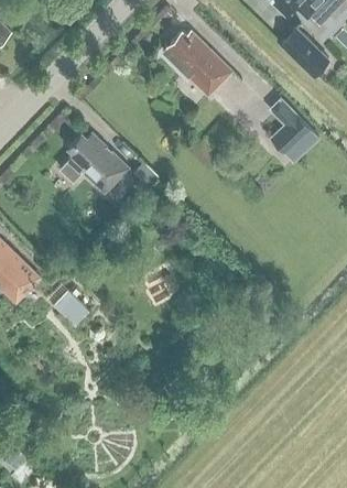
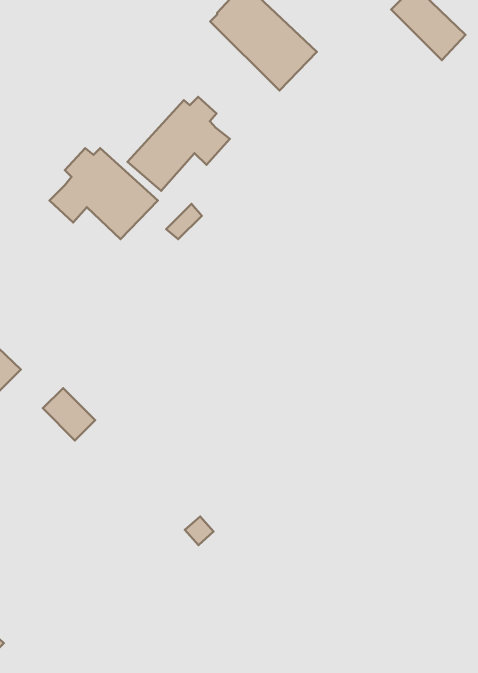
building: none -> [128,97,230,191]
building: [268,115,312,158] -> none

